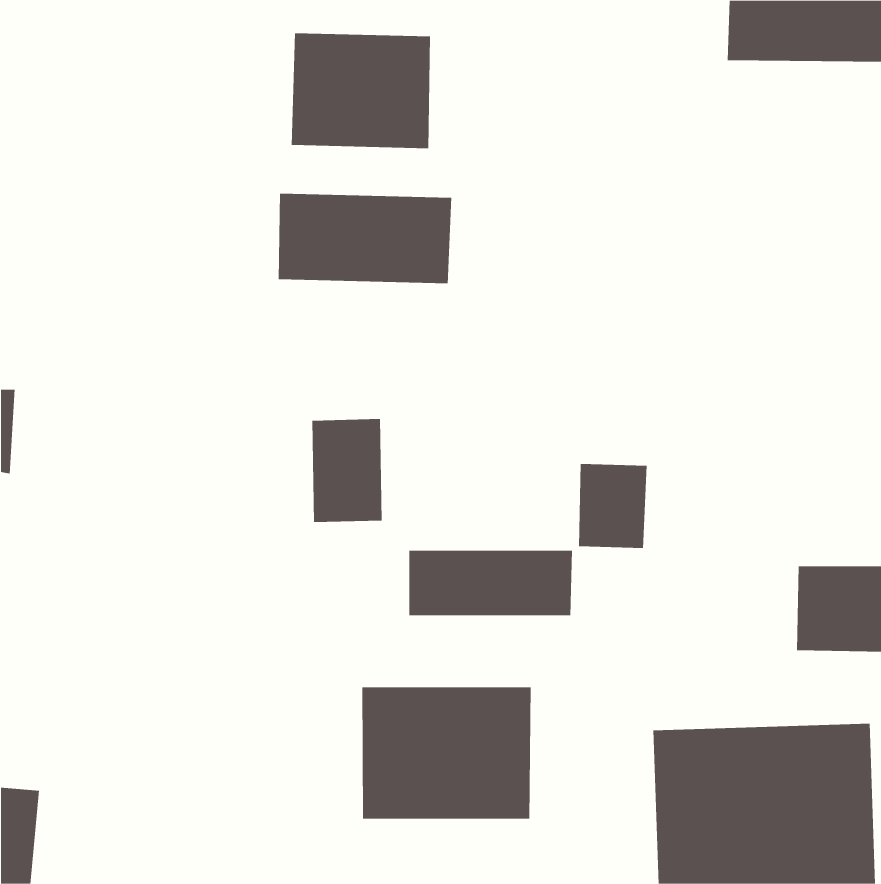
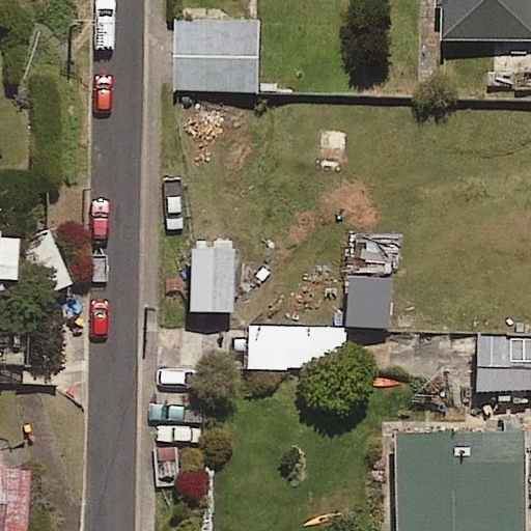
building: [278,193,452,284] -> none
building: [362,687,531,820] -> none

